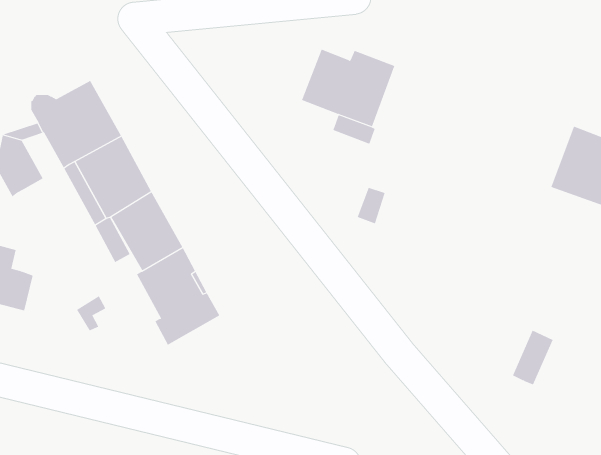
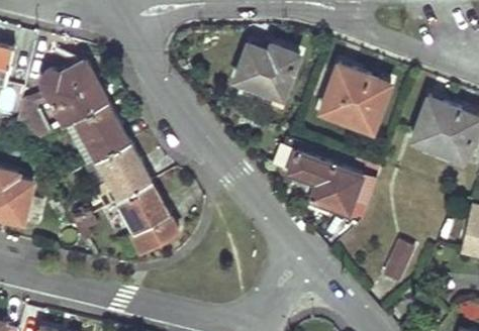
building: none -> [321,64,390,130]
building: none -> [288,149,361,212]

